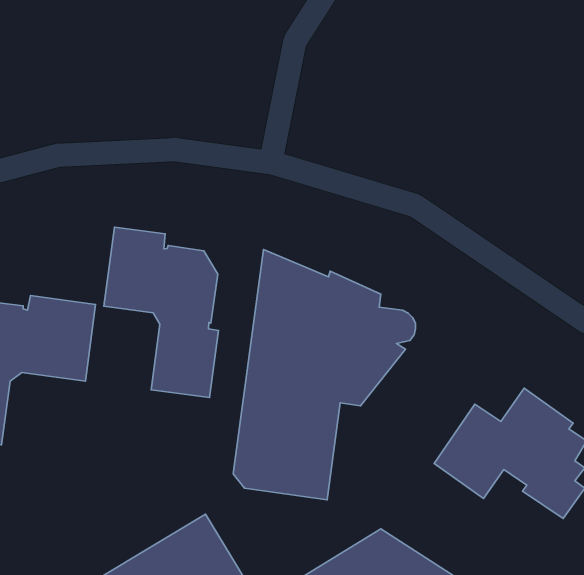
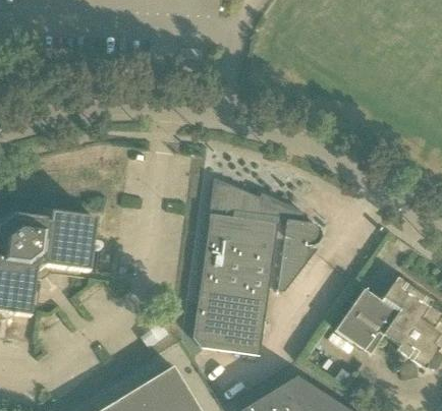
building: [104,227,218,398] -> none

